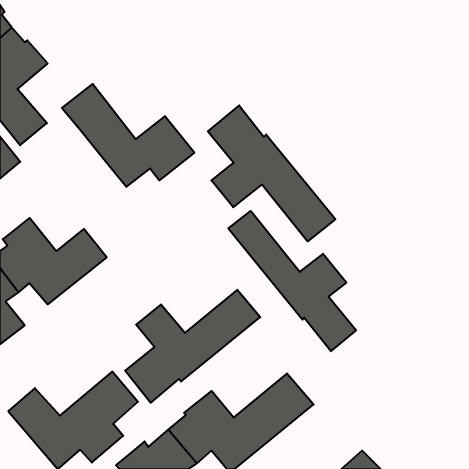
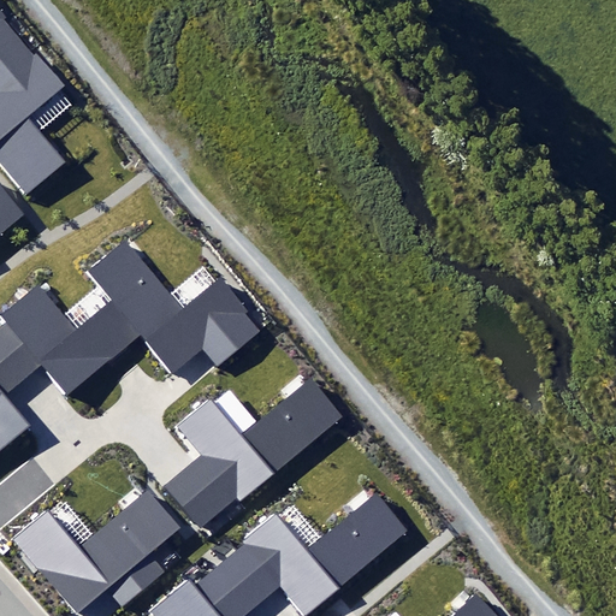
building: [62,84,194,187] -> [87,241,260,375]
building: [208,105,335,241] -> none
building: [228,211,356,351] -> none

